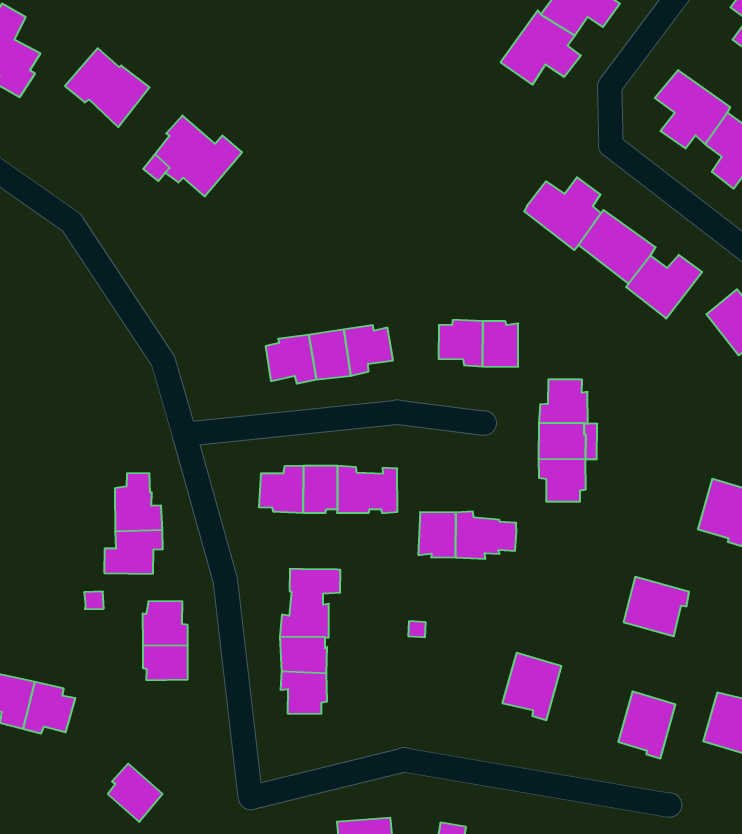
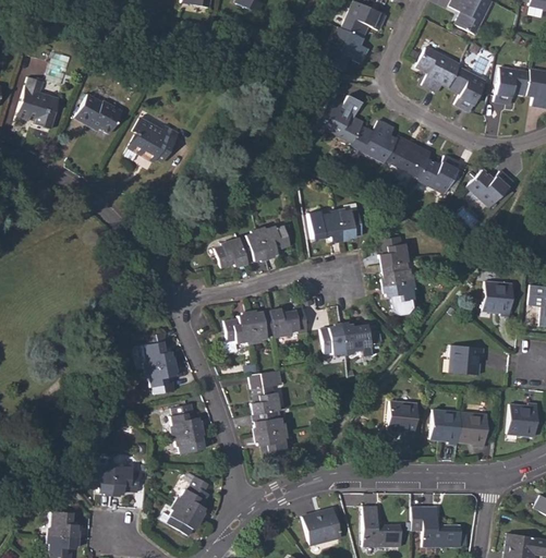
building: none -> [316,94,363,141]
building: none -> [430,409,461,445]
building: none -> [177,477,208,517]

